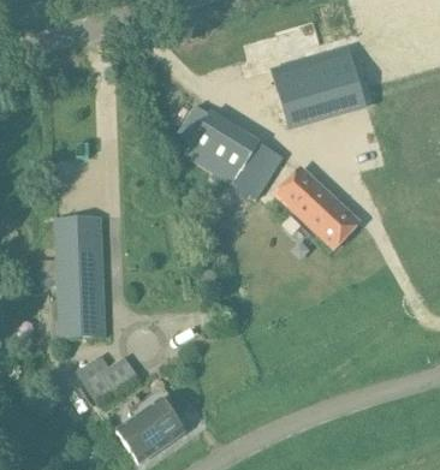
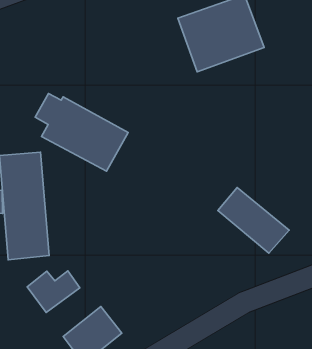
building: [177,105,284,198] -> [35,93,128,171]
building: [277,168,358,246] -> [218,188,289,253]

